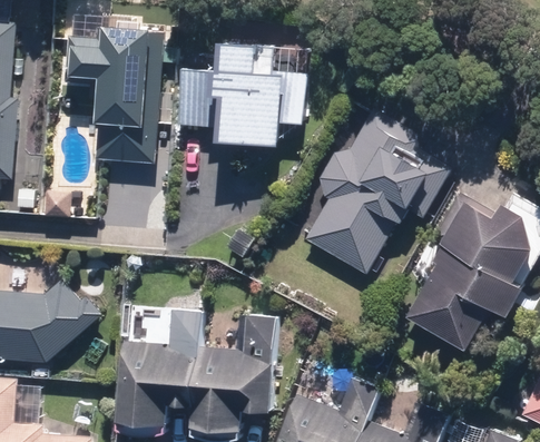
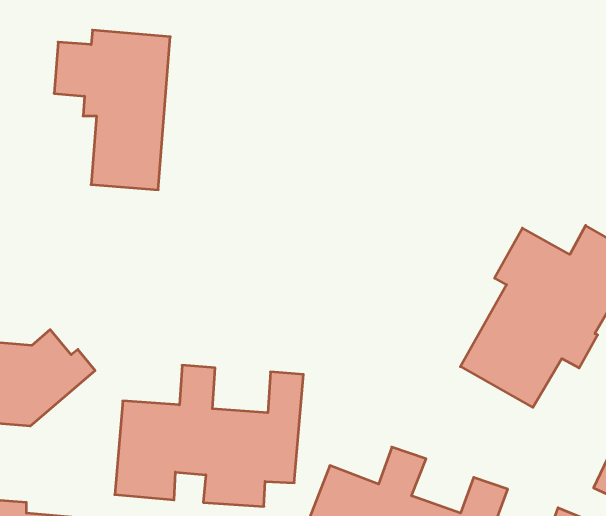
building: [178,41,305,141] -> none
building: [304,109,449,274] -> none

